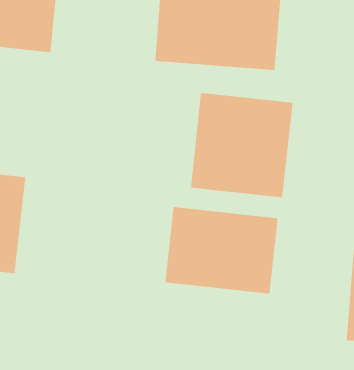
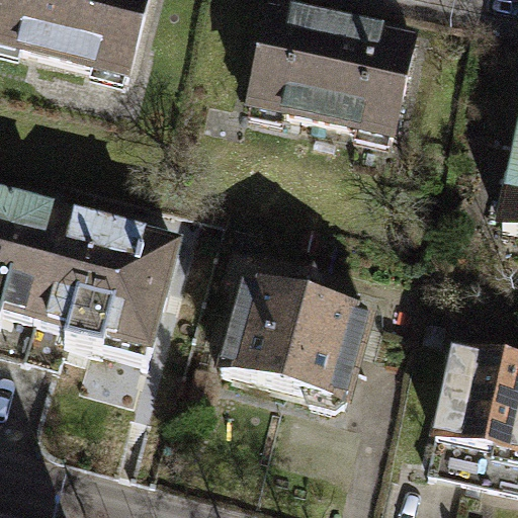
building: [191,92,293,198] -> none
building: none -> [42,215,192,360]

